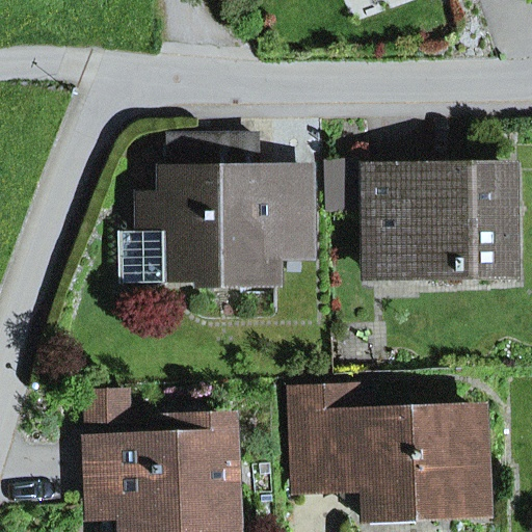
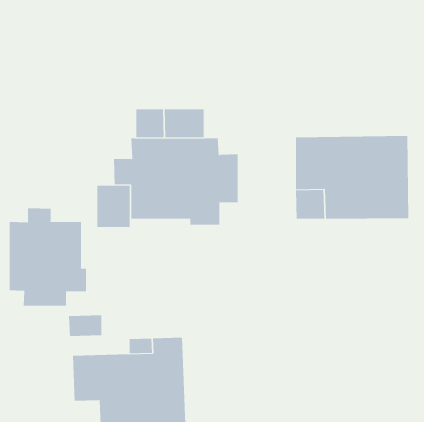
building: none -> [9,207,87,306]
building: [296,394,483,511] -> none

